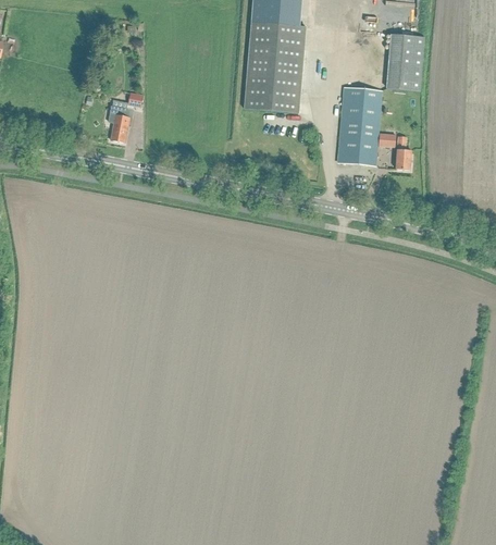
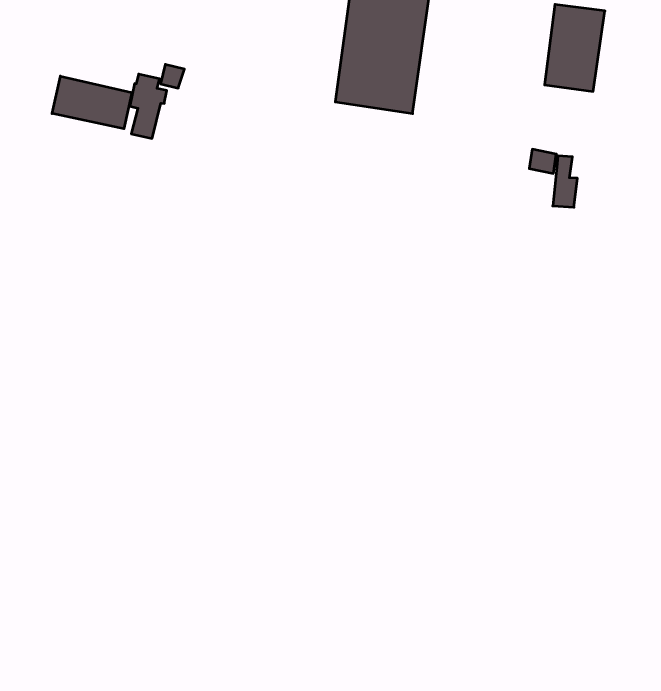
building: [337,86,381,165] -> none
building: none -> [52,76,132,129]

